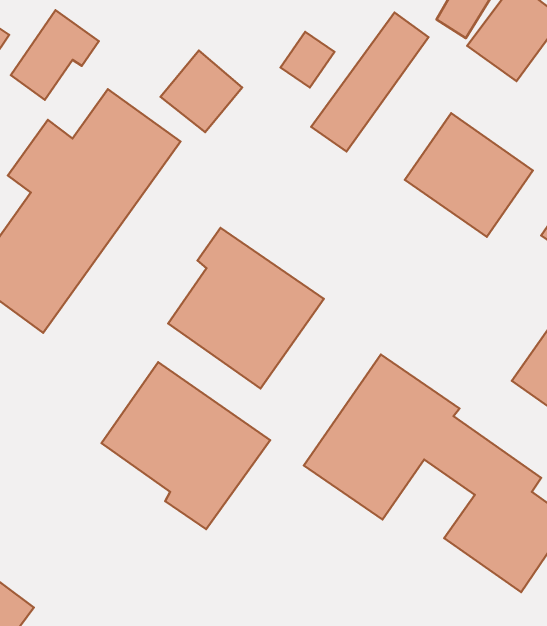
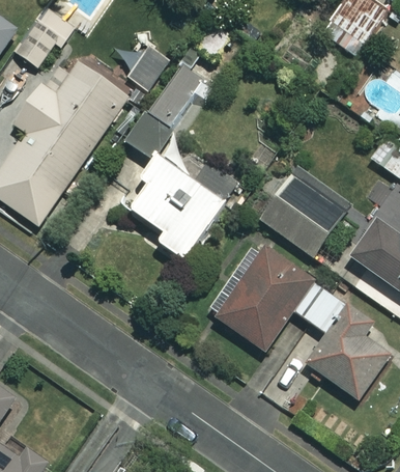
building: [311,12,428,151] -> [126,64,205,158]
building: [405,113,533,237] -> [259,173,345,256]
building: [101,362,270,529] -> none

